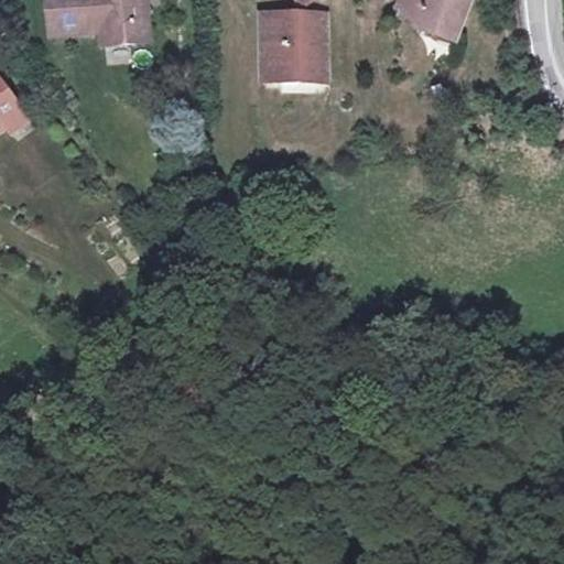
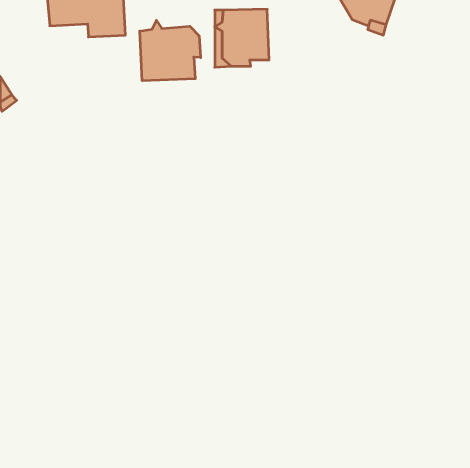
building: none -> [140,20,201,81]

